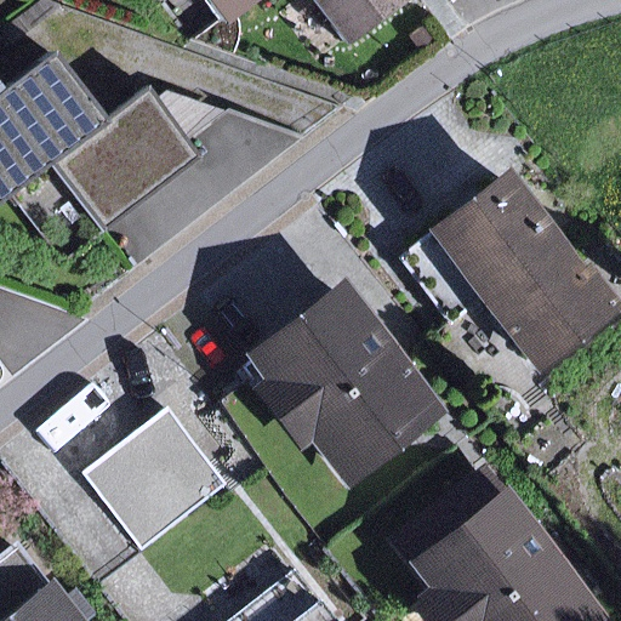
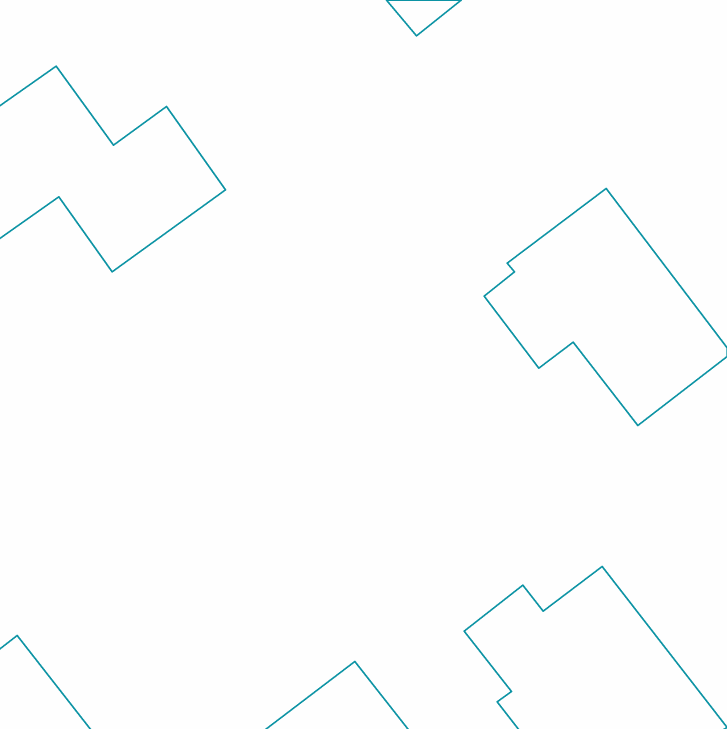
building: [247,278,452,489] -> none
building: [76,415,218,554] -> none

